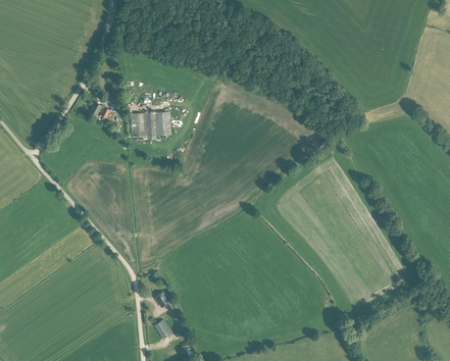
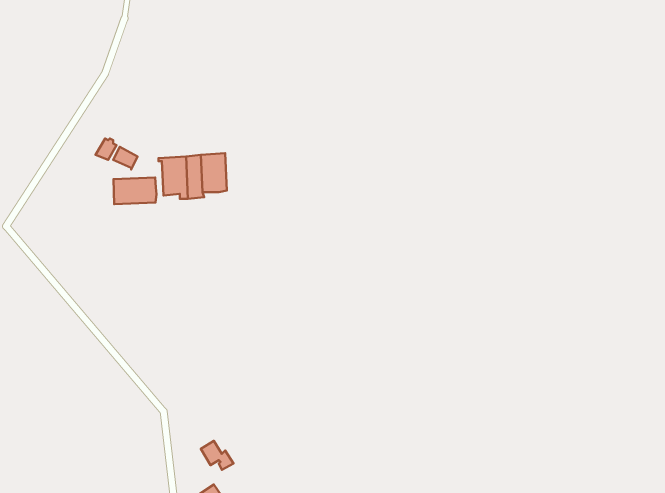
building: none -> [114,177,156,204]

